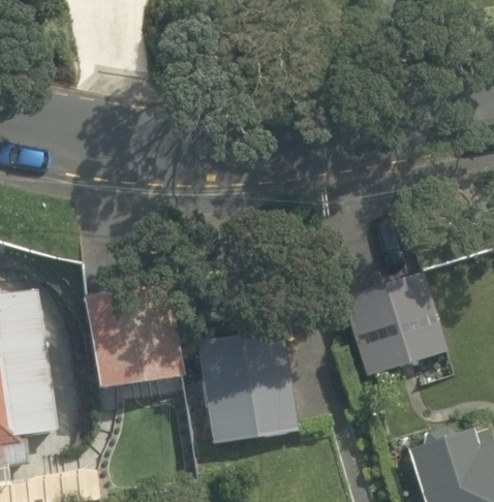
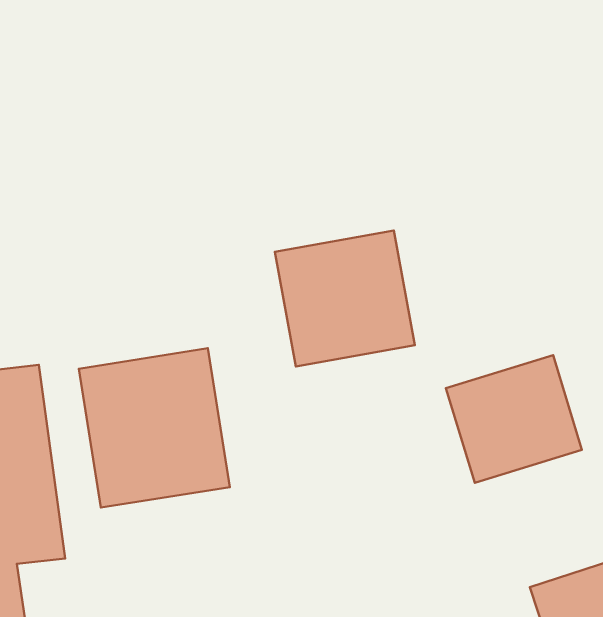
building: none -> [275,231,415,366]
building: [198,332,318,439] -> none

